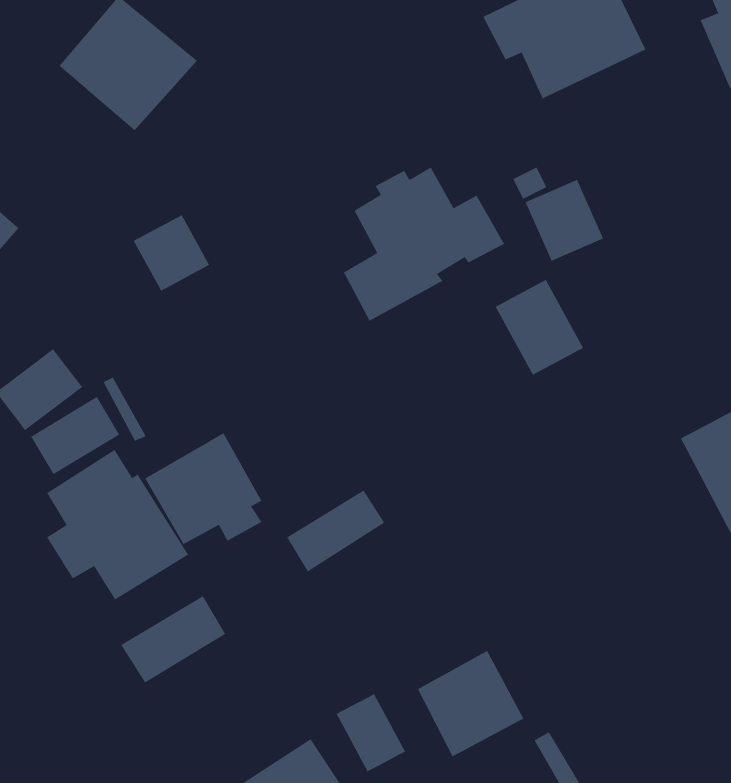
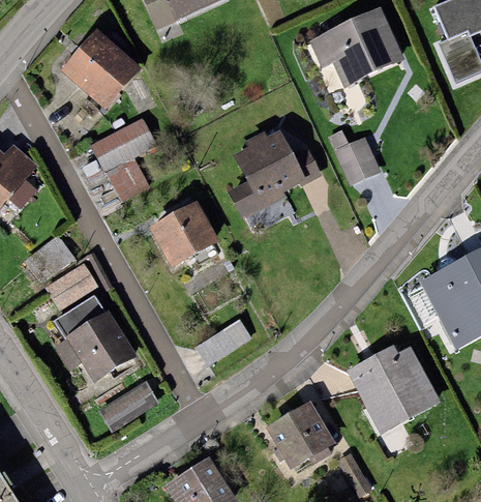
building: none -> [90,117,156,171]
building: [495,279,584,376] -> none
building: [144,432,263,545] -> [150,200,219,266]
building: none -> [352,354,440,439]
building: [336,693,406,772] -> none

